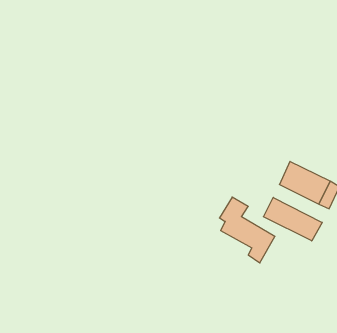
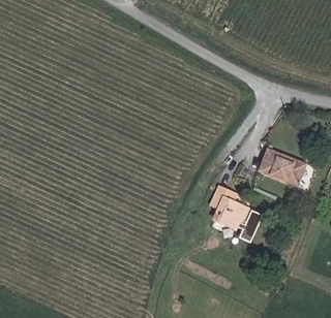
building: [263,197,322,241] -> none

